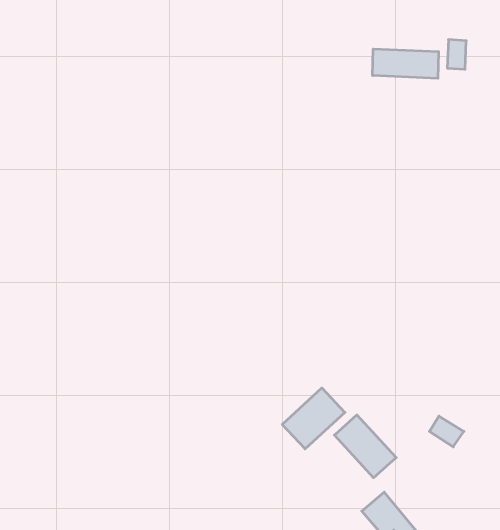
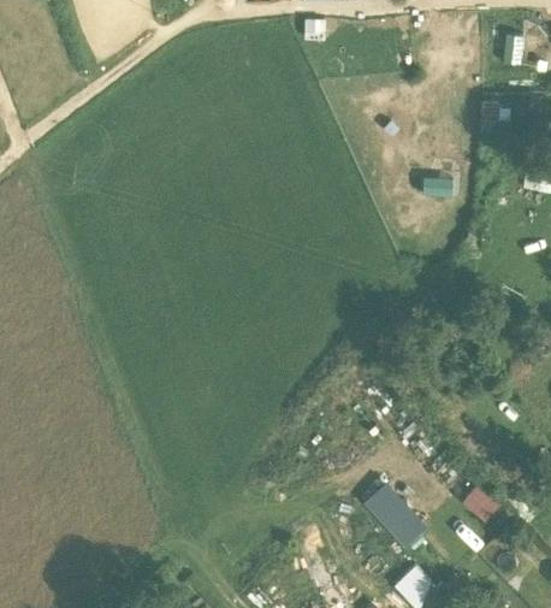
building: [373,49,439,78] -> none
building: [282,388,345,449] -> none

